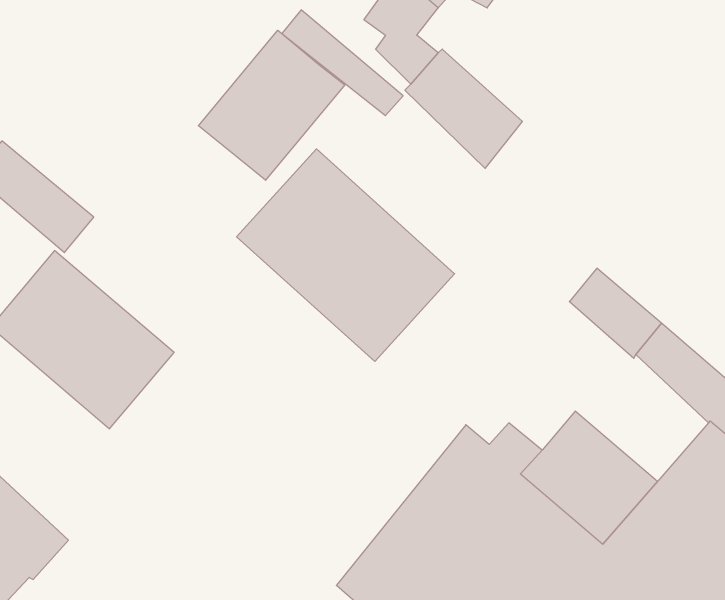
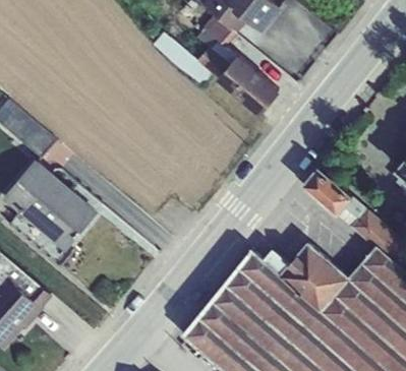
building: [198,30,345,180] -> none
building: [237,149,455,361] -> none

